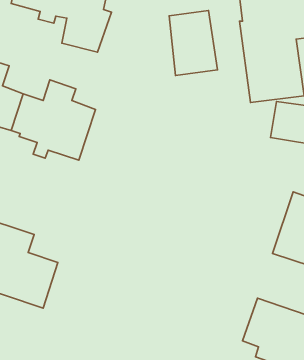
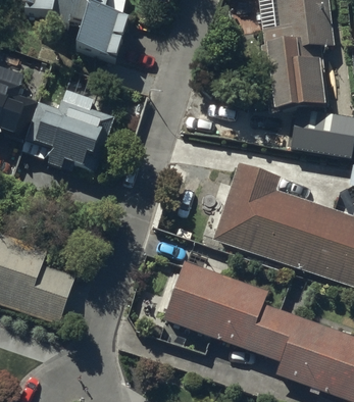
building: [169,10,217,75] -> none
building: none -> [213,162,315,266]
building: none -> [163,262,279,356]

